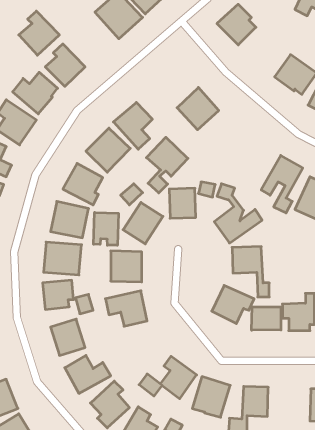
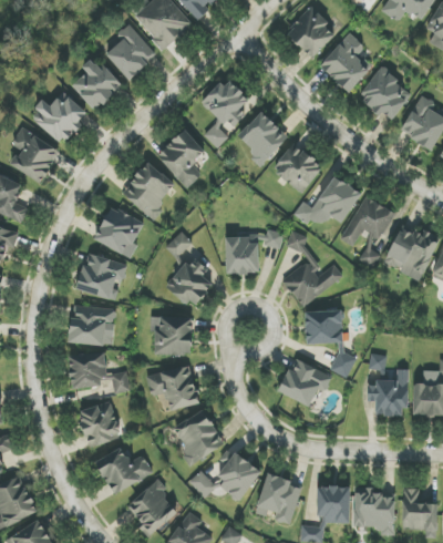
building: [19,11,59,55] -> [105,24,156,80]
building: none -> [319,34,375,92]
building: none -> [272,143,323,193]
building: [146,137,188,193] -> [202,78,254,147]
building: none -> [295,175,361,225]
building: [94,212,118,245] -> none
building: [252,307,281,330] -> none
building: none -> [171,409,225,464]
building: none -> [353,486,395,531]

